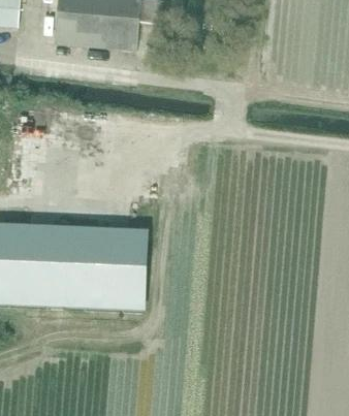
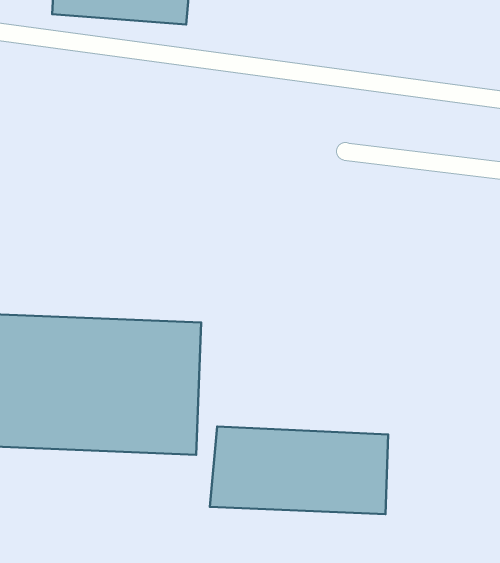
building: none -> [210,426,388,514]

